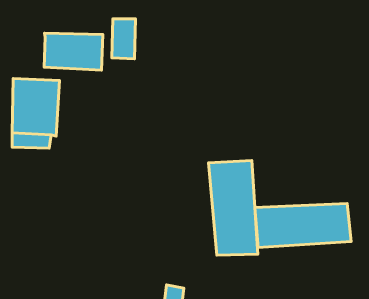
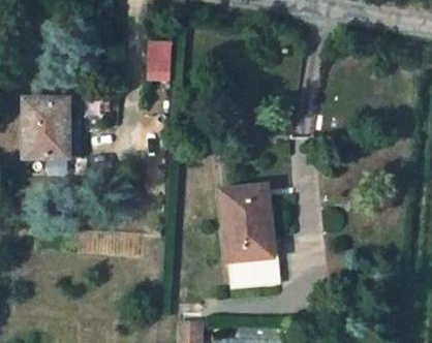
building: [44,33,103,70] -> none
building: [255,204,351,248] -> none

